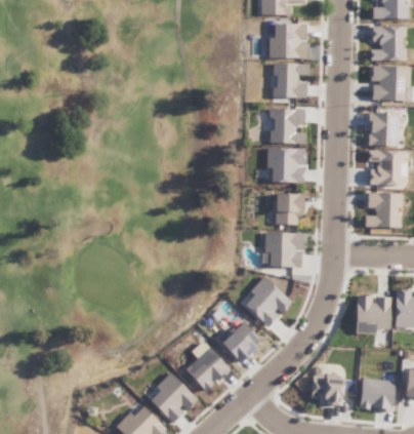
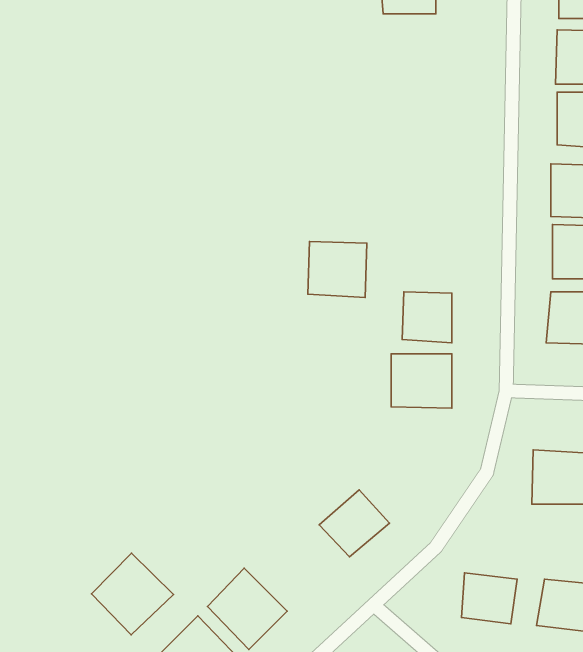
building: [267,23,308,57] -> none
building: [272,62,308,97] -> none
building: [270,108,306,144] -> none
building: [266,147,304,183] -> [308,242,367,298]
building: [243,275,292,326] -> none
building: [183,347,231,392] -> none
building: none -> [92,553,173,635]

